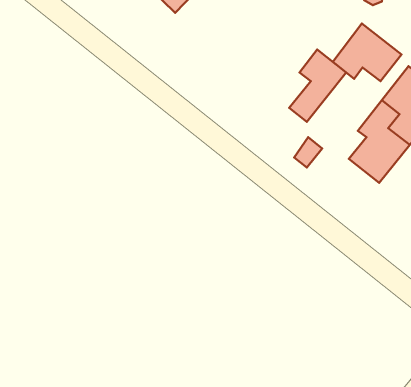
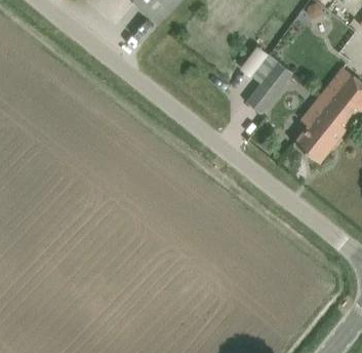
building: [333,24,401,81] -> none

